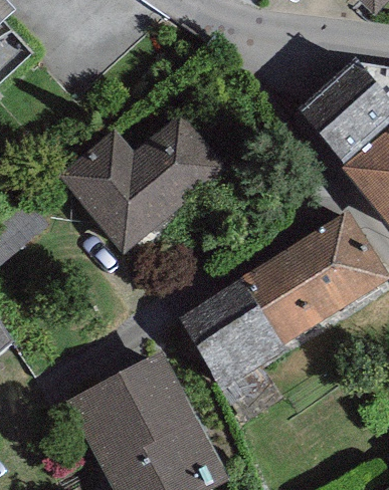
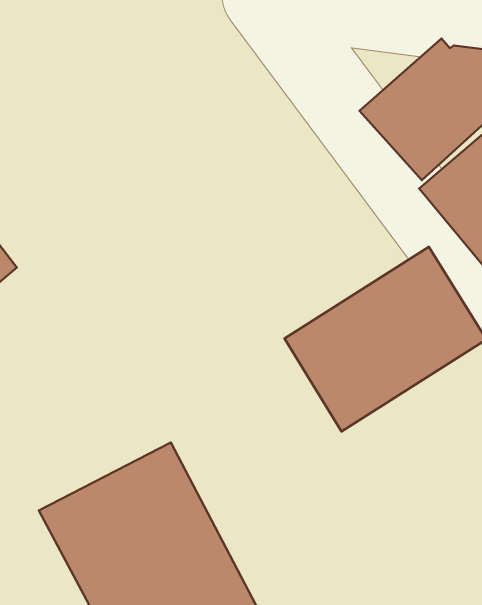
building: [60,113,228,253] -> none
building: [177,276,288,390] -> none

